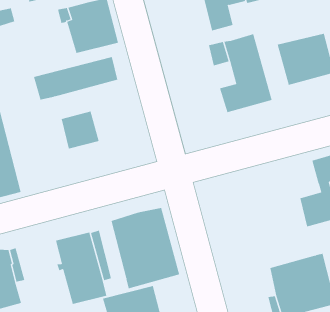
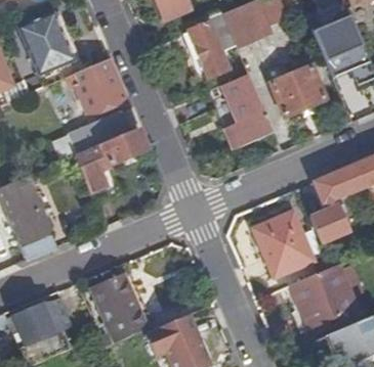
building: none -> [75,128,148,175]
building: none -> [254,211,323,276]
building: [111,207,180,289] -> none

